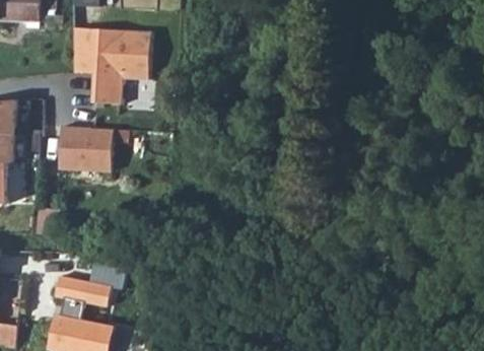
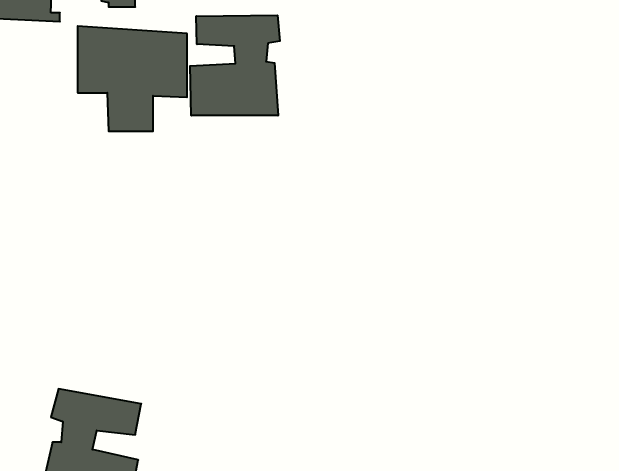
building: none -> [190,15,280,116]
building: [57,125,113,171] -> none

